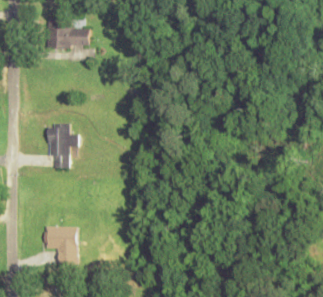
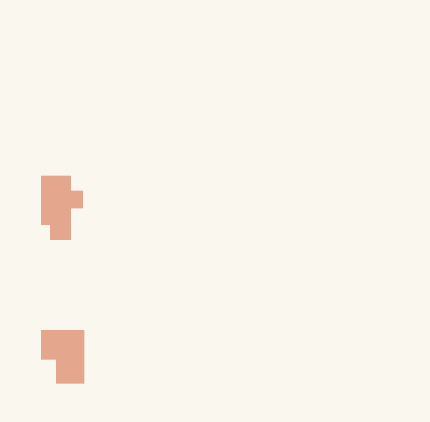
building: [50,17,88,46] -> none

